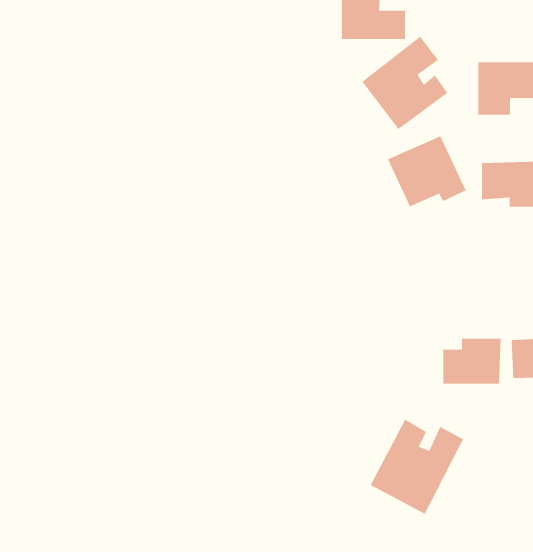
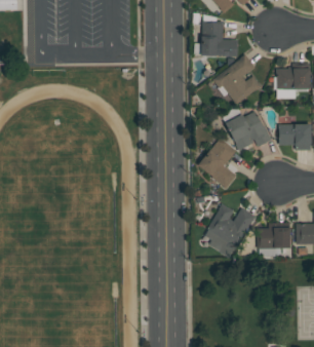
building: none -> [197,139,237,189]
building: [370,419,464,515] -> [202,203,254,257]

